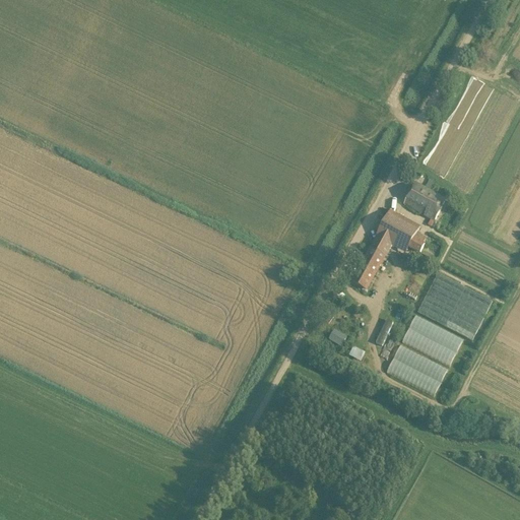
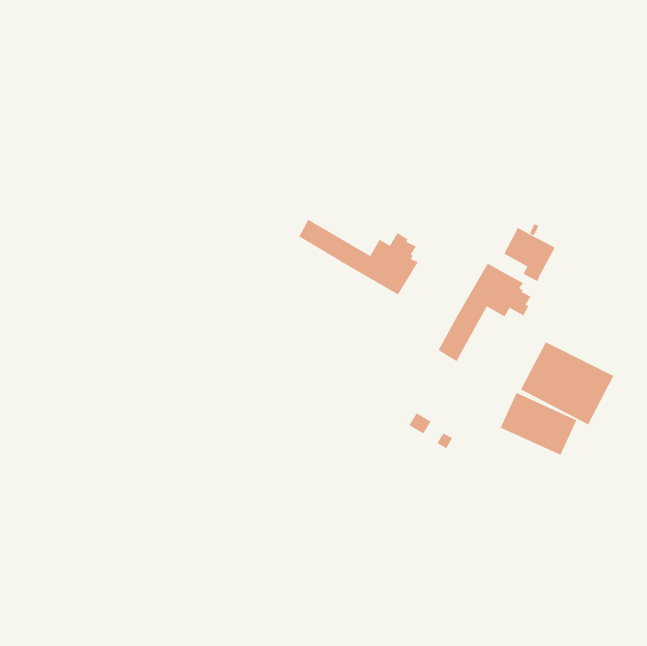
building: none -> [298,219,418,295]
building: [386,345,447,393] -> none

